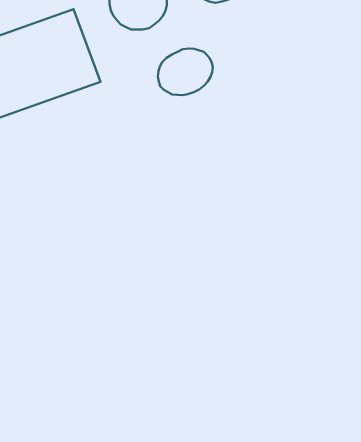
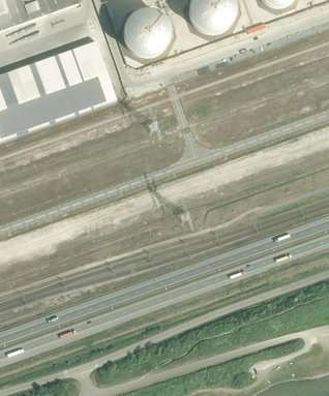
building: [158,49,213,95] -> none

